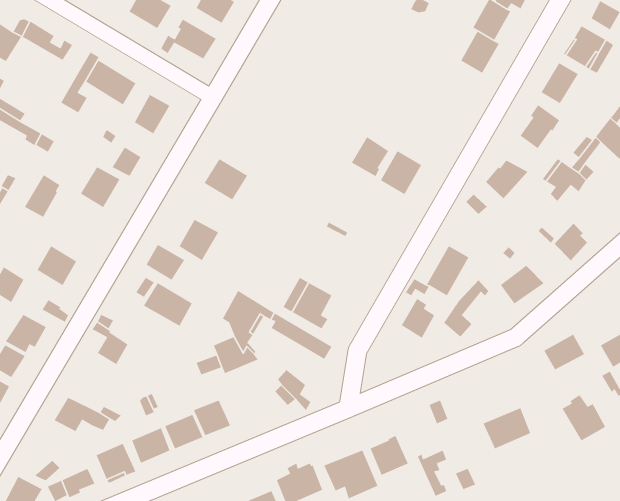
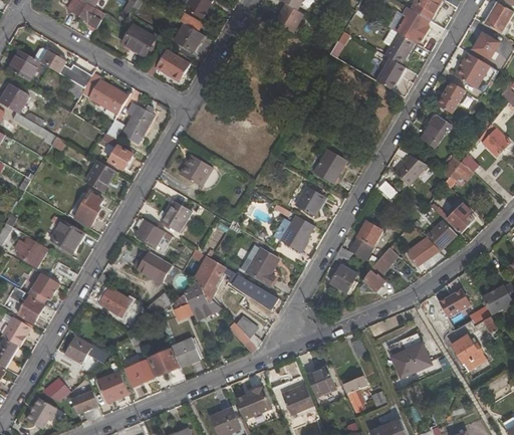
building: [351,136,389,177] -> [295,186,324,217]
building: [24,174,61,218] -> [75,193,103,226]
building: none -> [274,214,315,251]
building: none -> [424,221,455,249]

